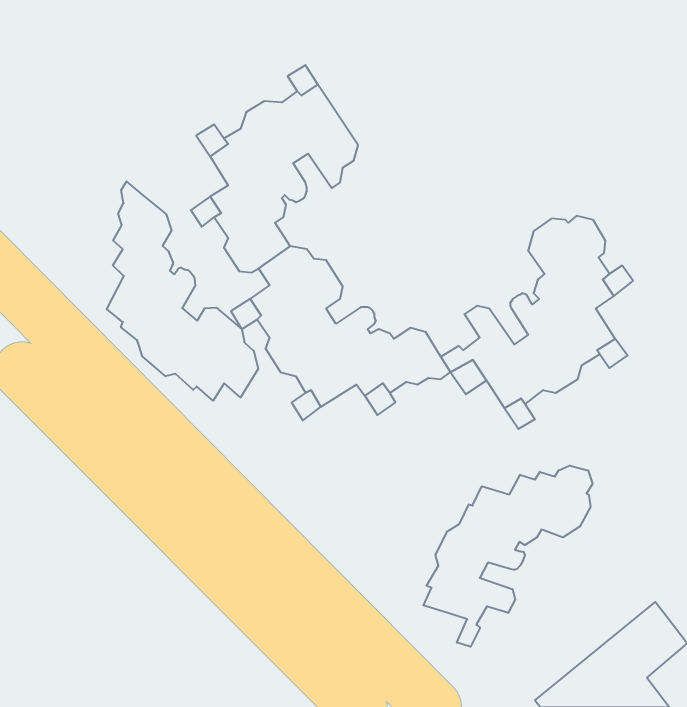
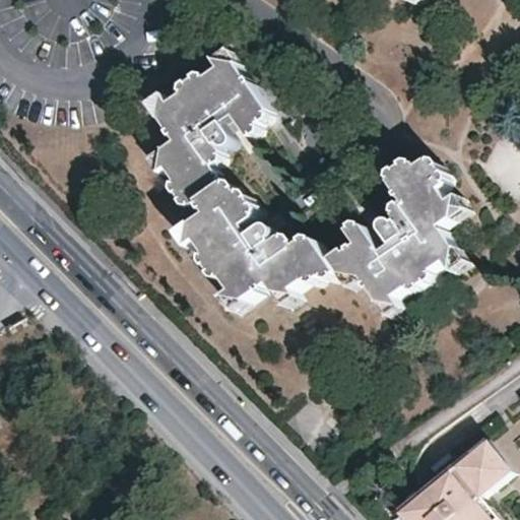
building: [107,181,258,401] -> none
building: [423,466,592,647] -> none

